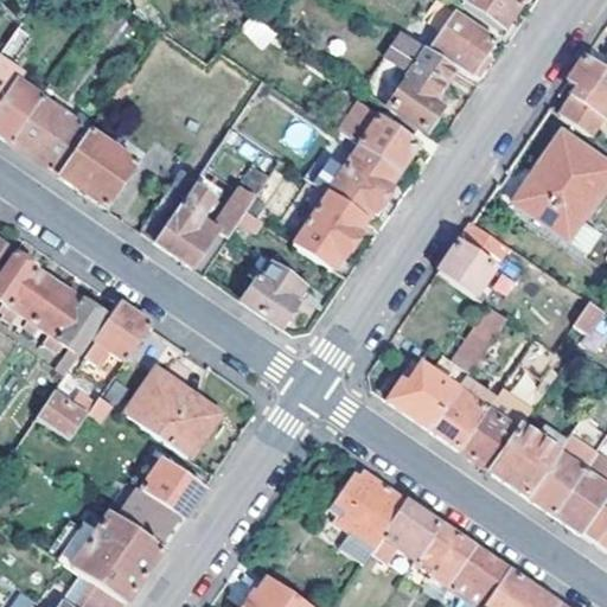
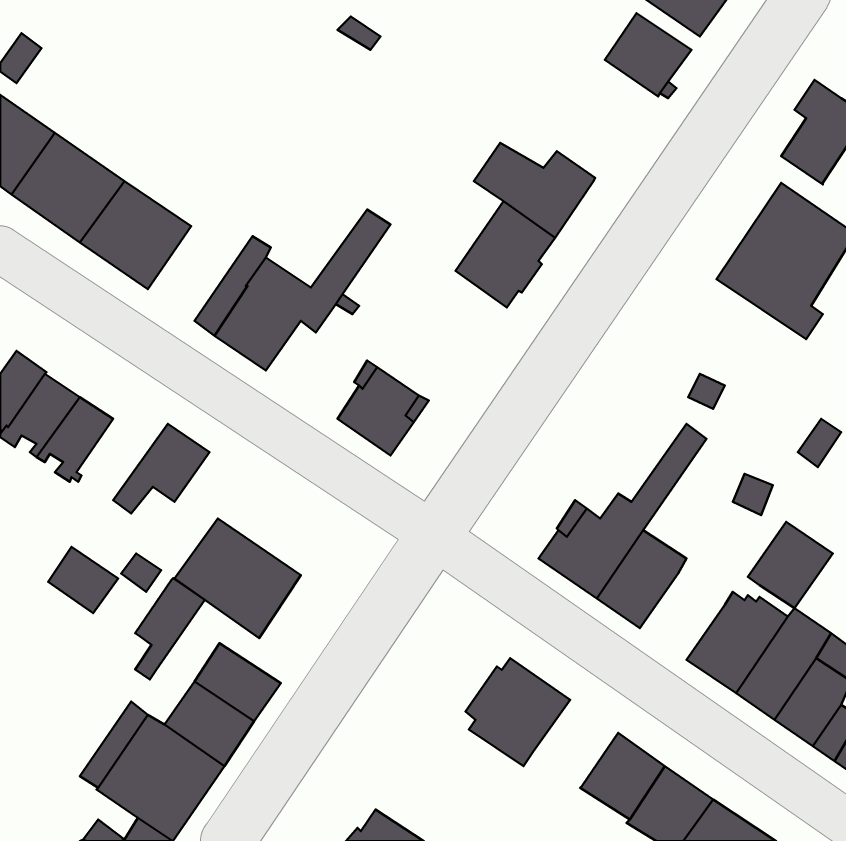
building: [362,41,455,127] -> none
building: [294,193,364,267] -> none
building: [439,221,507,299] -> none
building: [57,298,107,370] -> [135,578,205,680]
building: [459,409,519,471] -> [748,522,833,608]
building: [383,499,443,561] -> none

